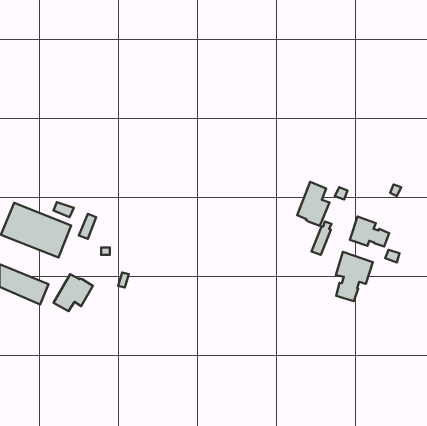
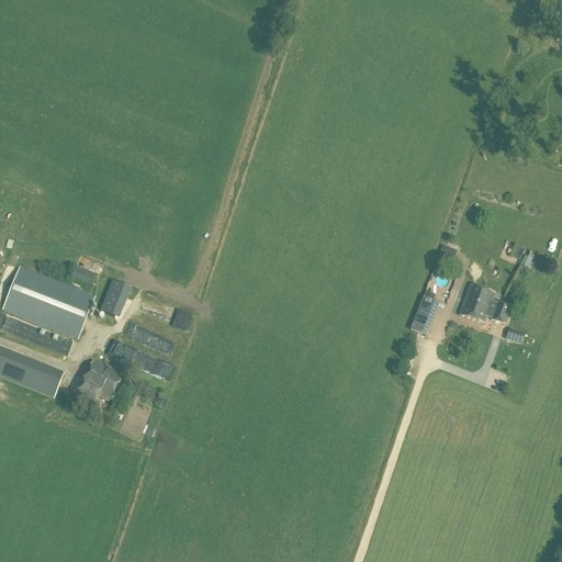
building: [297,182,329,226] -> none
building: [336,252,373,301] -> none

